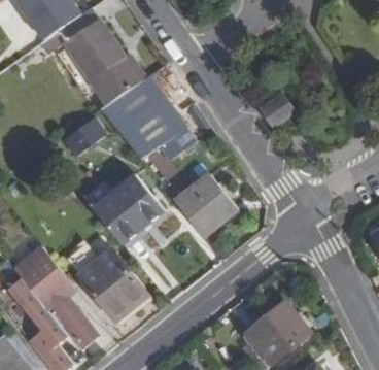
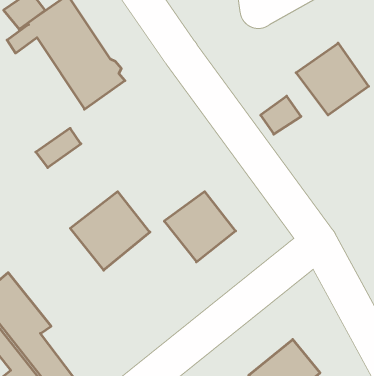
building: none -> [296,43,369,115]
building: [100,74,195,159] -> none
building: [77,246,147,319] -> none

